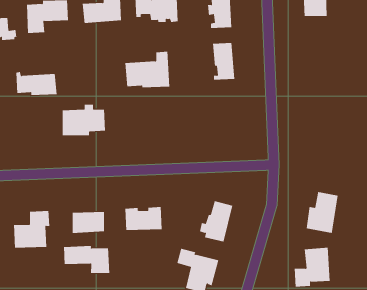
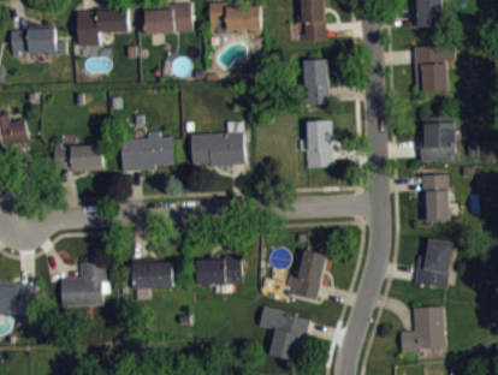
building: none -> [414,44,455,93]
building: [125,51,170,88] -> [190,121,245,166]
building: [16,72,57,96] -> [53,143,103,172]
building: none -> [419,115,456,161]
building: none -> [298,120,332,168]
building: none -> [421,174,451,221]
building: [63,245,110,274] -> none

